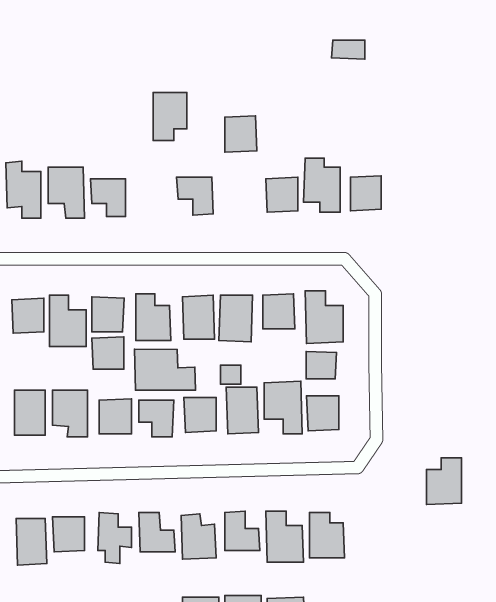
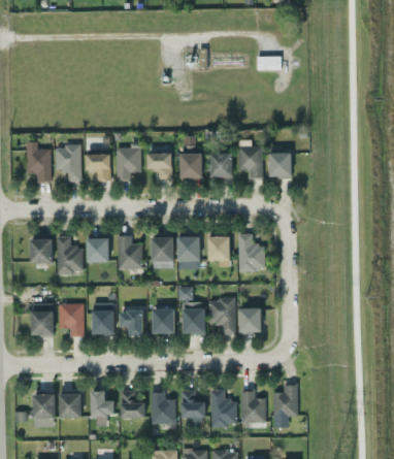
building: [153,92,187,141] -> [117,147,140,182]
building: [225,116,257,152] -> [179,154,202,179]
building: [92,337,124,369] -> none
building: [134,349,196,390] -> none
building: [306,351,336,379] -> none
building: [427,458,462,505] -> [272,385,297,418]

